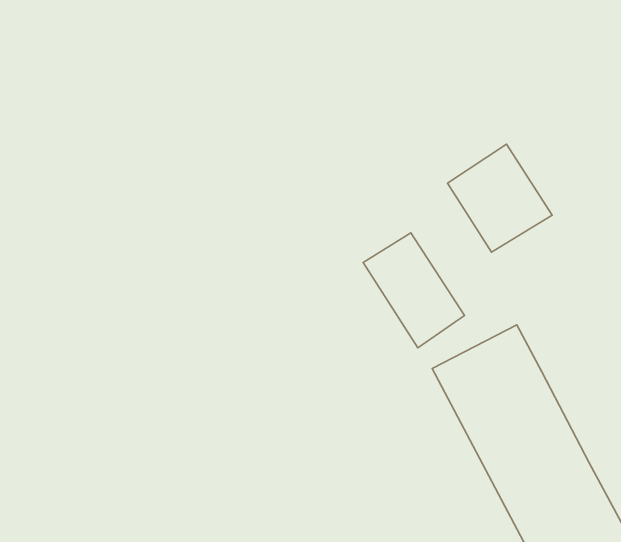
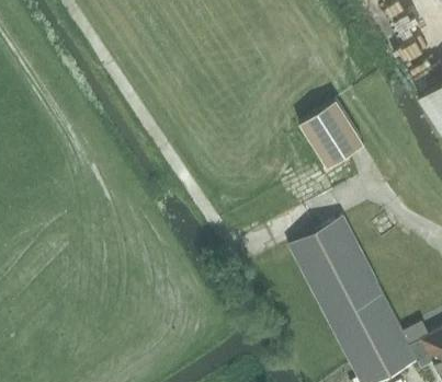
building: [363,233,465,348] -> none

